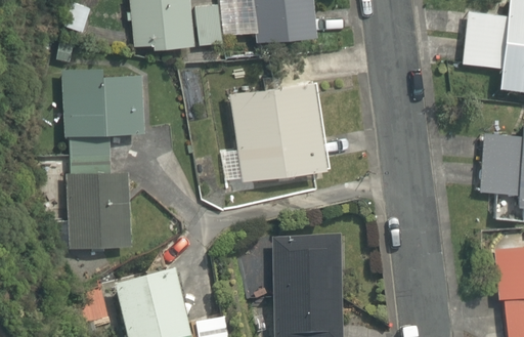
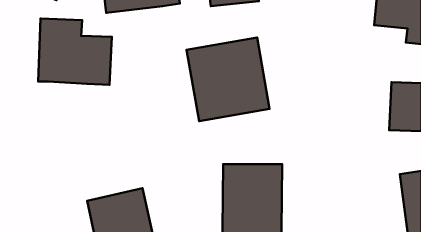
building: [58,133,108,171] -> none
building: [53,176,133,246] -> none

